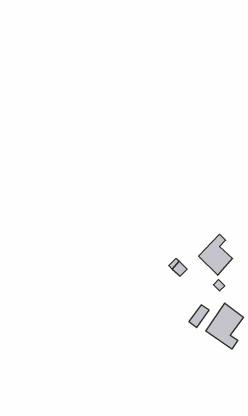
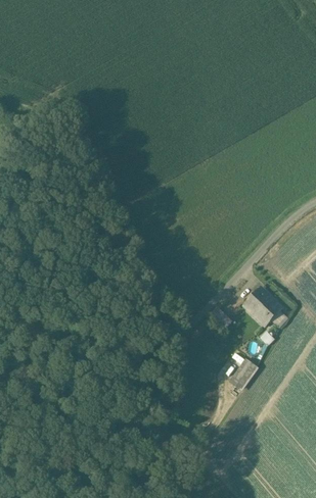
building: [206,303,243,349] -> none

